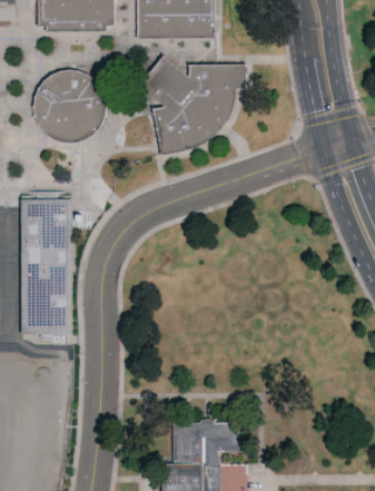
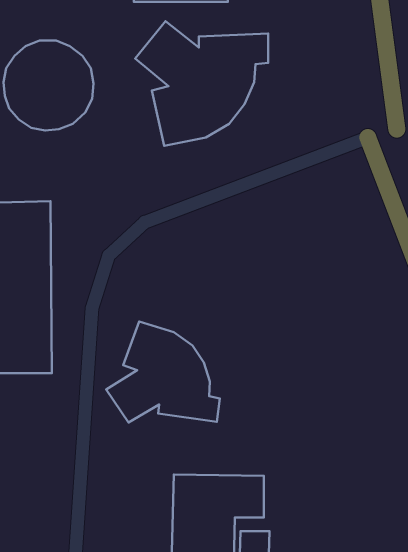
building: none -> [106,322,220,423]

